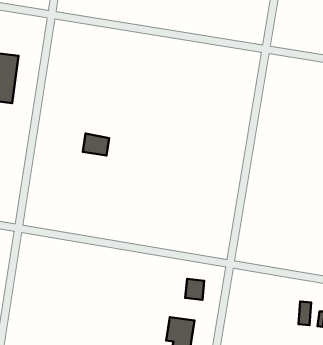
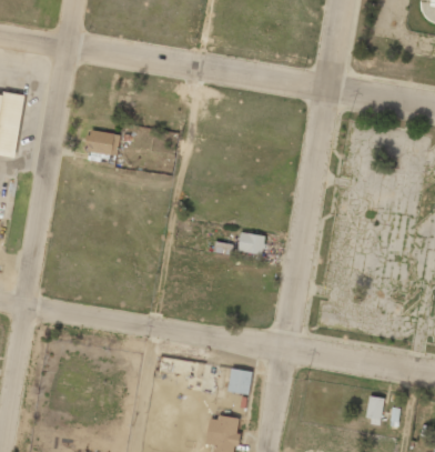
building: [83,134,109,155] -> [88,129,120,155]
building: none -> [237,232,265,254]

